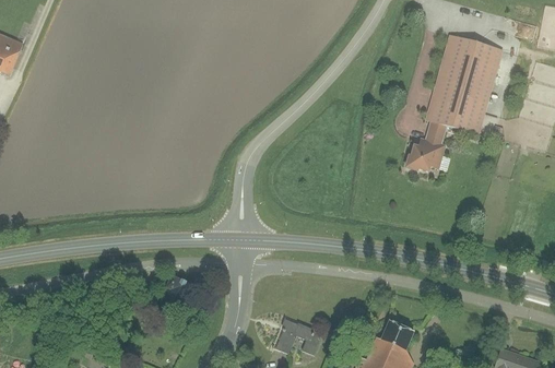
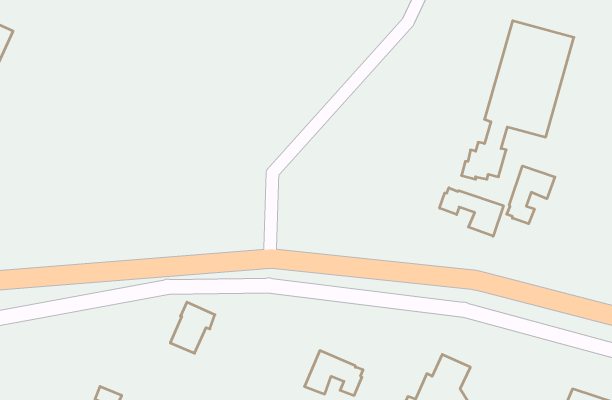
building: none -> [507,166,555,224]
building: none -> [440,188,503,236]

